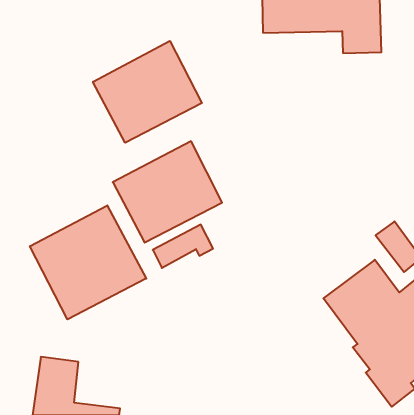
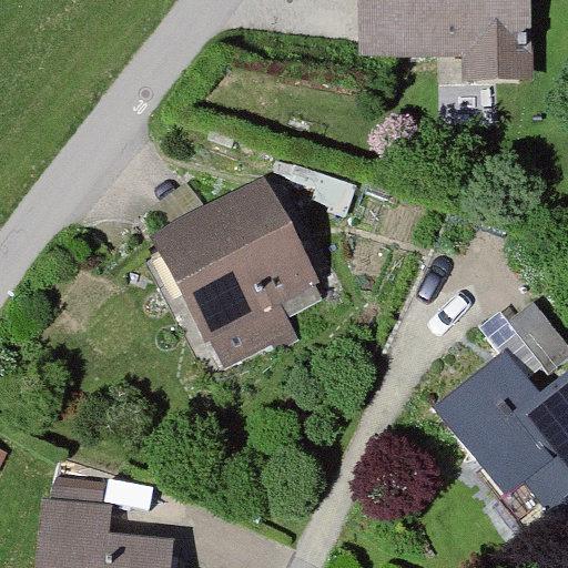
building: [93,41,202,143] -> none
building: [30,205,146,319] -> none

